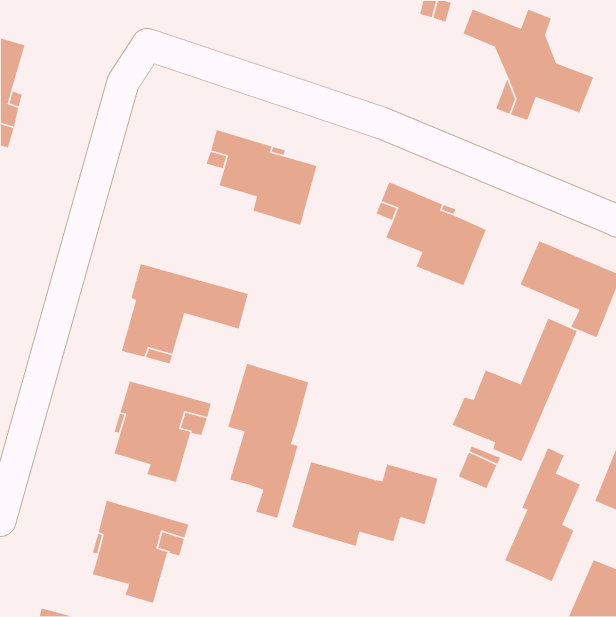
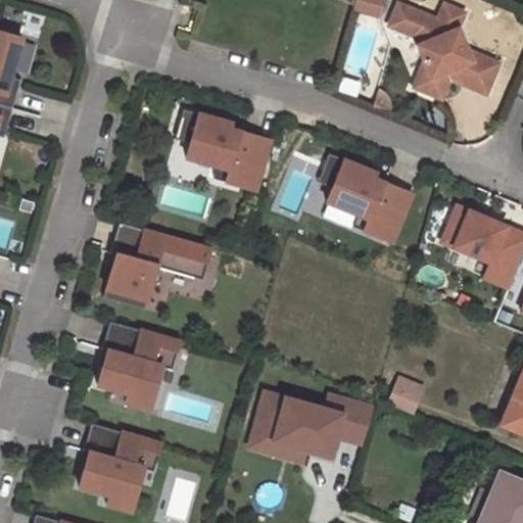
building: [451,318,578,462] -> none
building: [227,363,309,519] -> none
building: [504,447,581,582] -> none

